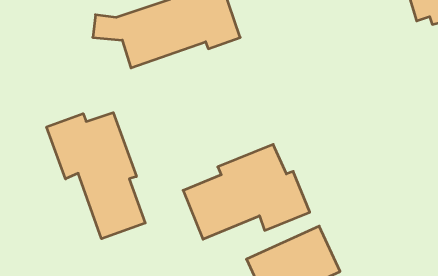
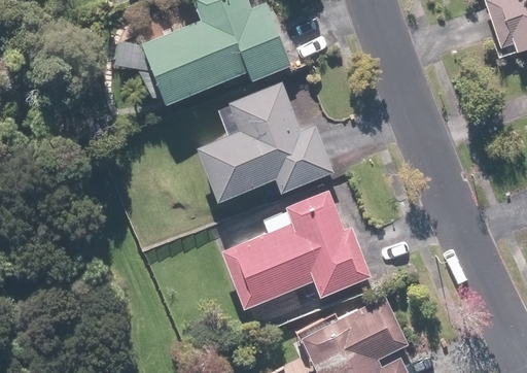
building: none -> [195,83,333,202]
building: [47,113,145,239] -> none

